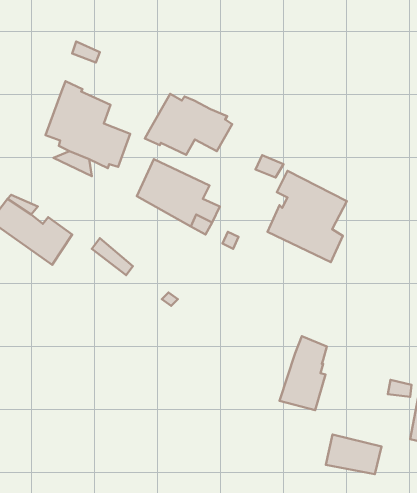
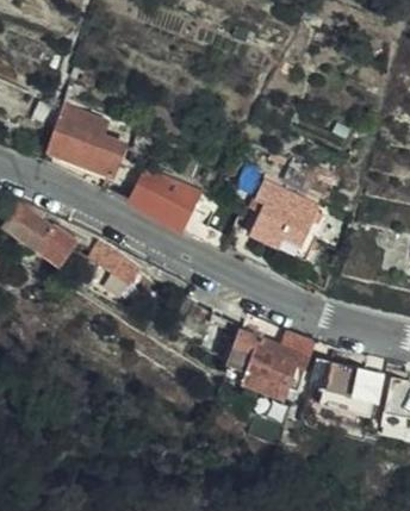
building: [145,94,232,155] -> none
building: none -> [222,332,275,388]
building: [326,435,381,474] -> [306,359,356,394]

